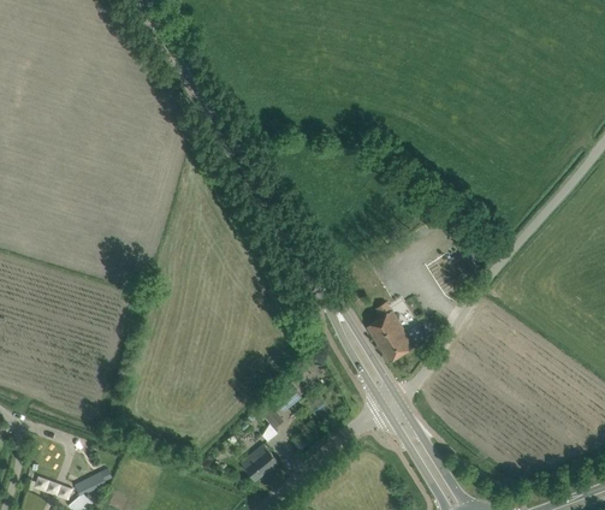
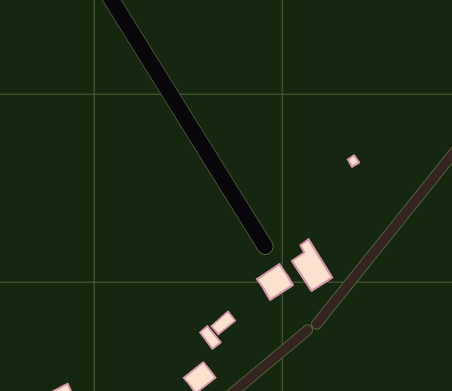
building: none -> [257,264,293,300]

